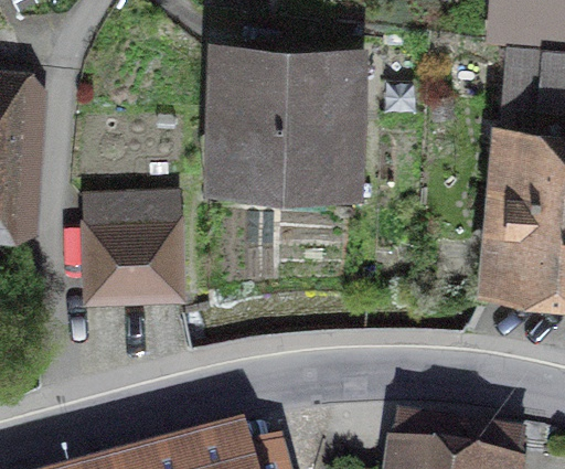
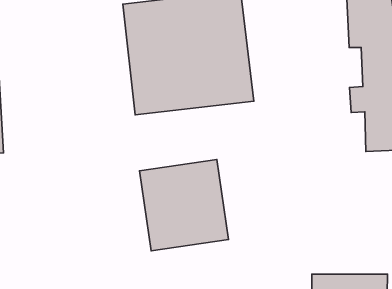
building: [87,199,191,306] -> [139,160,228,251]

